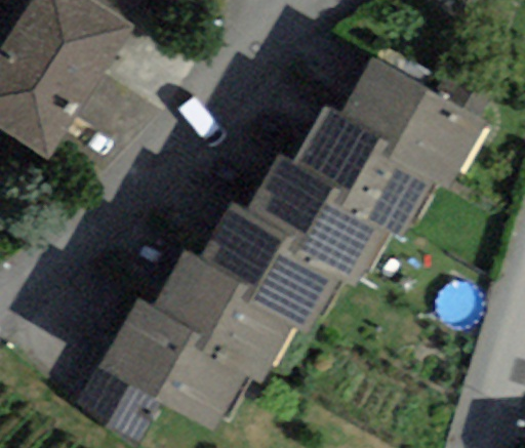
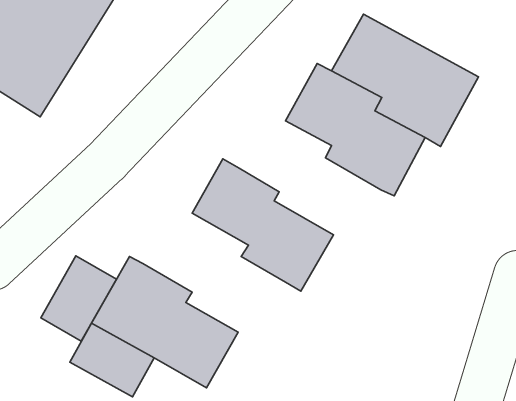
building: [246,154,388,286] -> none
building: [150,246,292,381] -> none
building: none -> [41,256,116,341]

